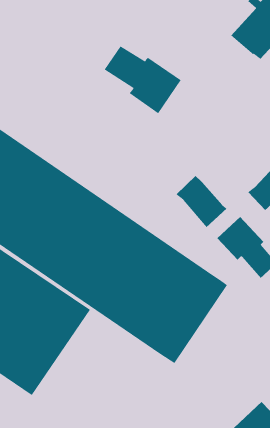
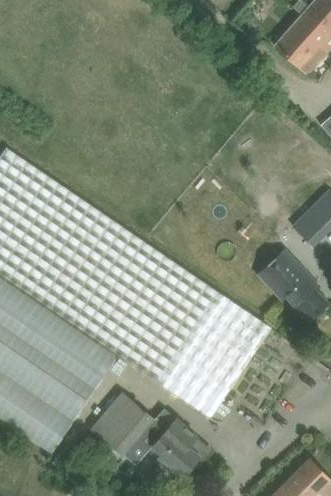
building: [104,46,182,114] -> none
building: [176,175,227,228] -> none
building: none -> [92,393,199,477]

